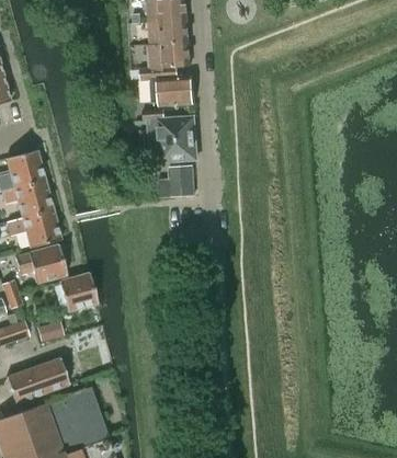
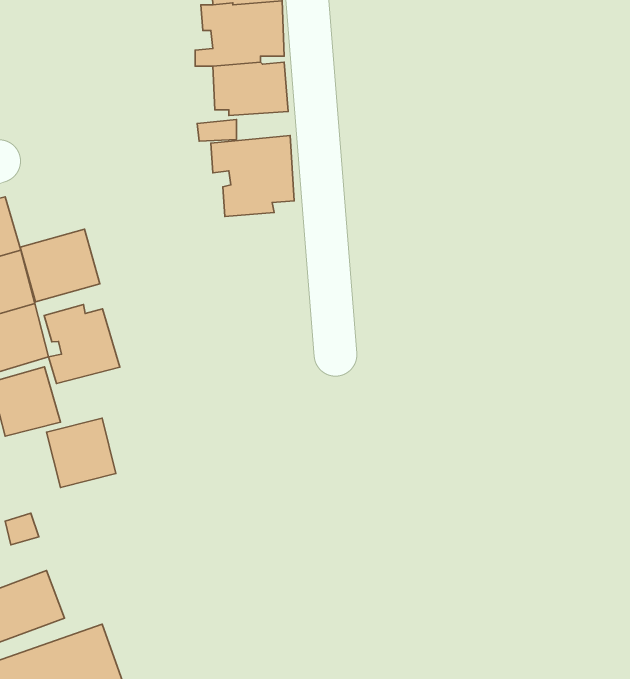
building: [170,165,194,195] -> none
building: none -> [20,229,100,302]
building: none -> [44,304,120,383]

